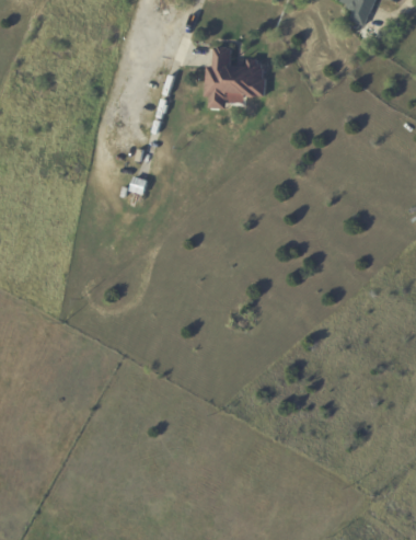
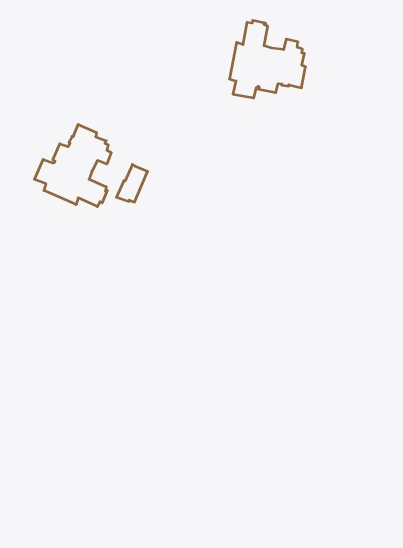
building: none -> [34,124,111,207]

